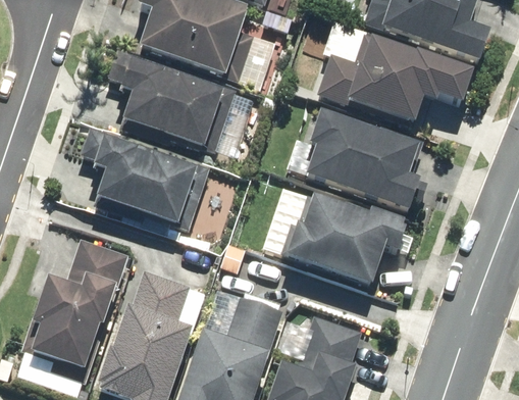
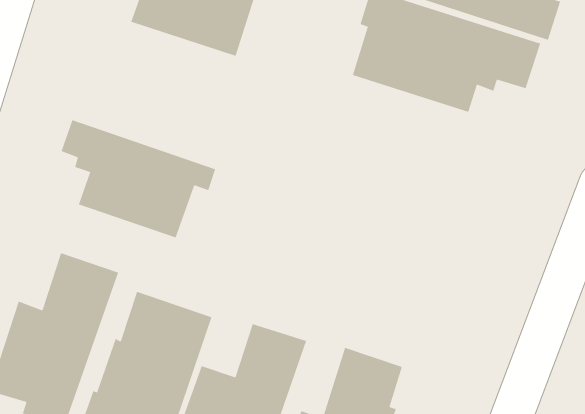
building: [108,48,237,147] -> none
building: [305,111,427,210] -> none
building: [280,193,409,288] -> none

